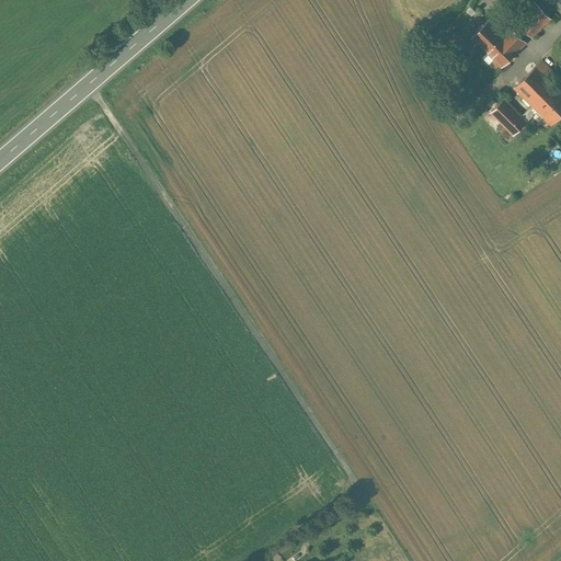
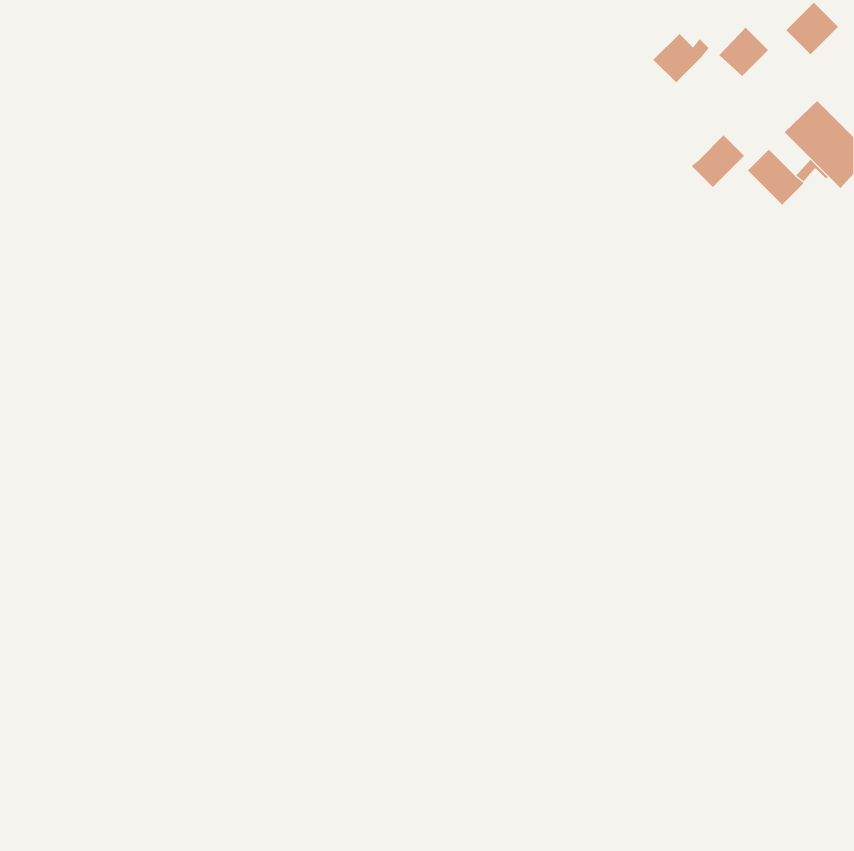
building: [486,35,524,68] -> [653,33,709,83]
building: none -> [692,135,745,188]

